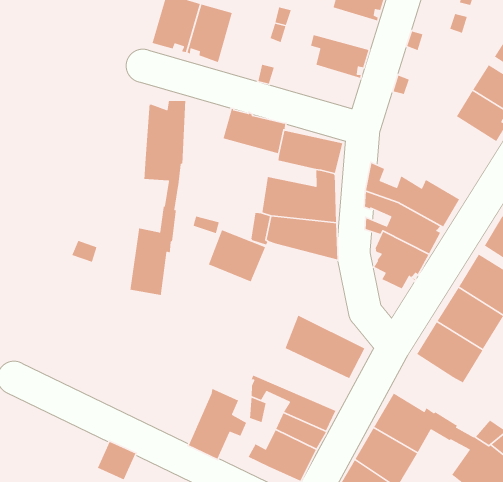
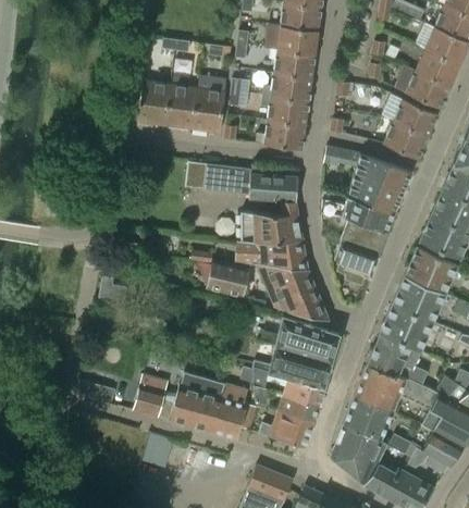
building: none -> [262,73,311,101]
building: none -> [192,88,225,133]
building: none -> [256,120,305,149]
building: [130,100,186,296] -> none
building: none -> [323,147,411,208]
building: none -> [257,264,329,320]
building: none -> [254,345,331,387]
building: none -> [367,334,427,385]
building: none -> [134,372,224,432]

